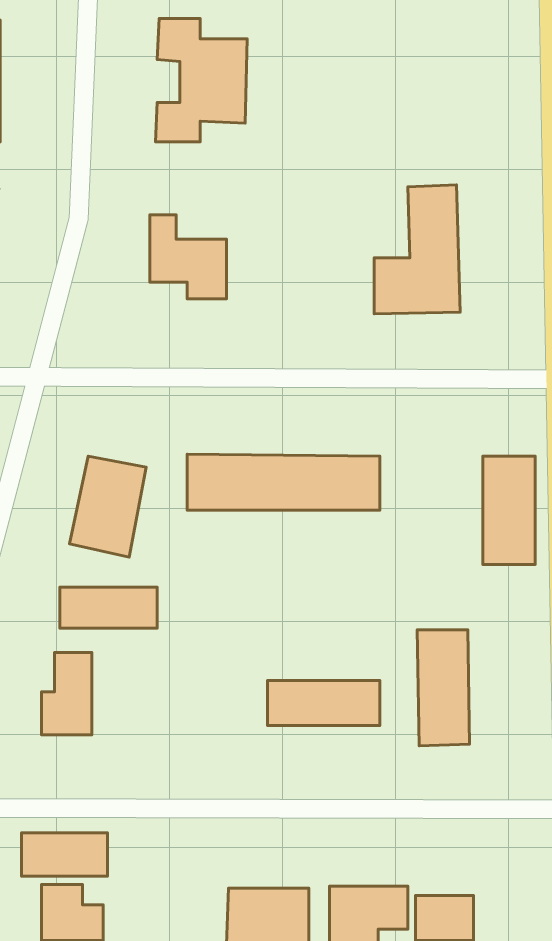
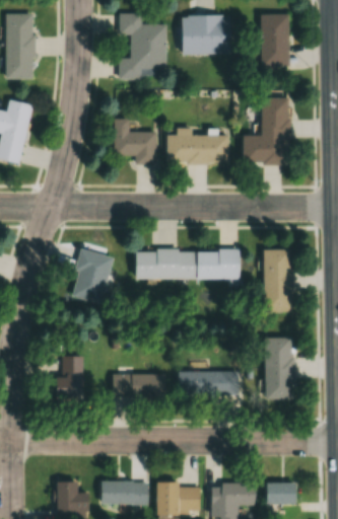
building: none -> [182,14,230,54]
building: none -> [254,17,283,72]
building: none -> [167,135,229,164]
building: [483,456,535,564] -> [257,256,285,315]
building: [60,587,157,628] -> [113,375,165,397]
building: [22,833,108,876] -> [102,481,148,505]

